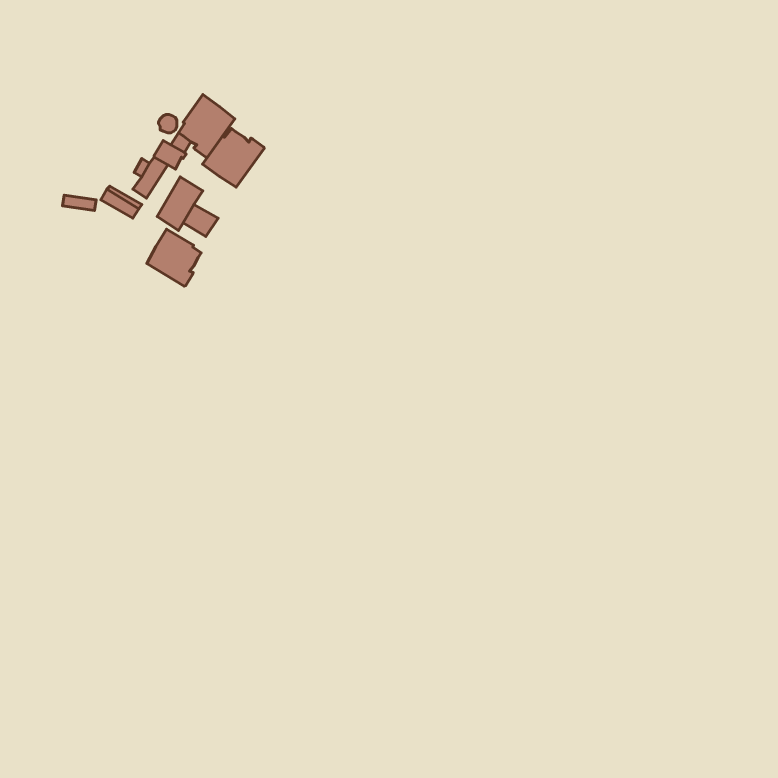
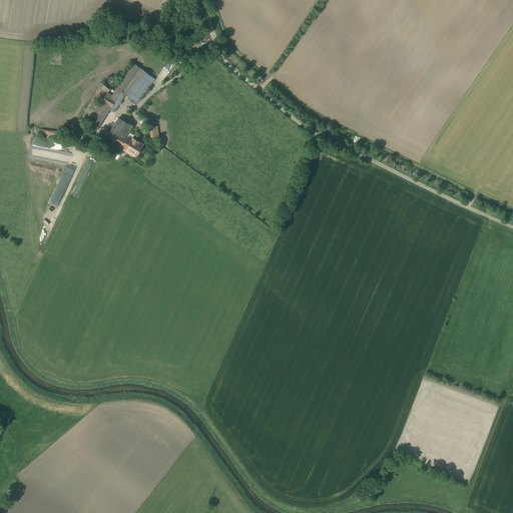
building: [202,128,264,187] -> none
building: [147,229,201,286] -> none

